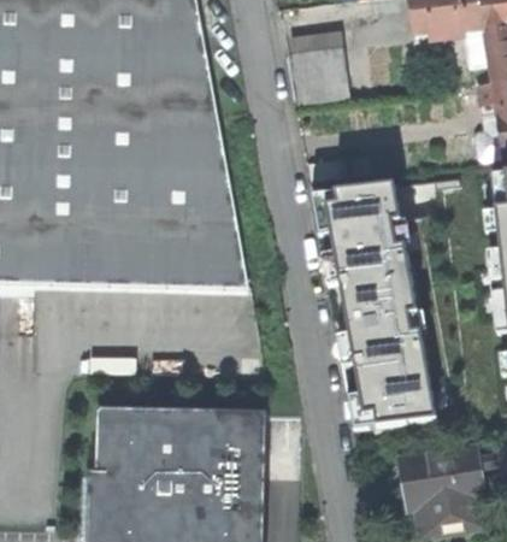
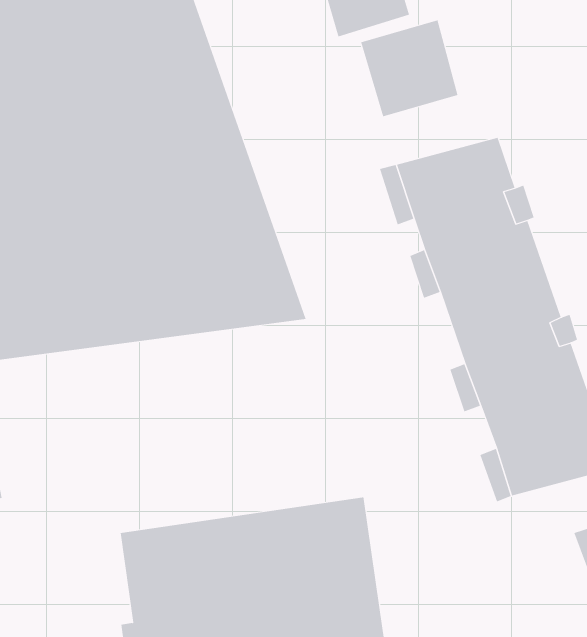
building: none -> [361,19,458,117]

